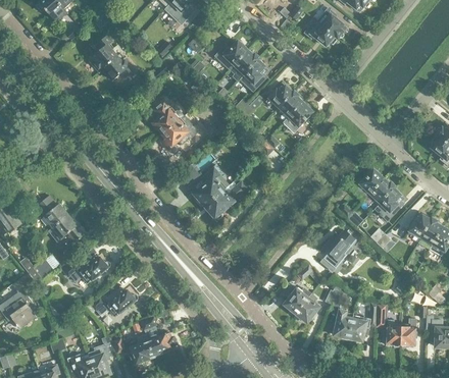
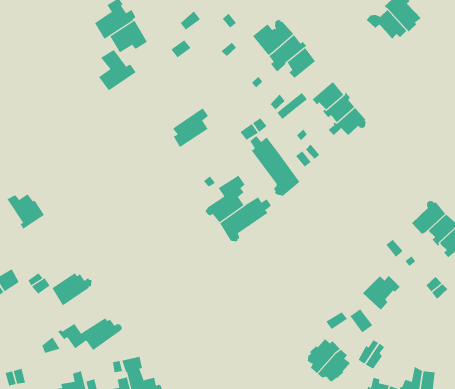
building: [152,99,182,132] -> [98,49,136,91]
building: none -> [249,135,300,197]
building: [50,213,82,239] -> none

